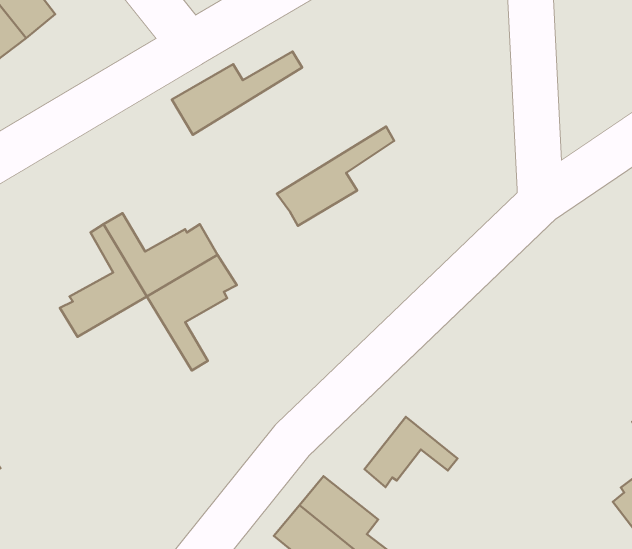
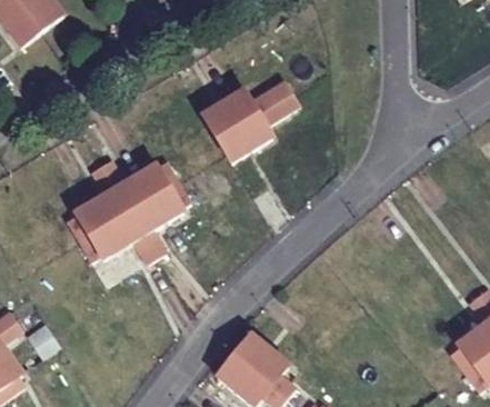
building: [172,51,302,135] -> [203,80,293,138]
building: none -> [80,209,159,267]
building: [364,417,457,487] -> none

